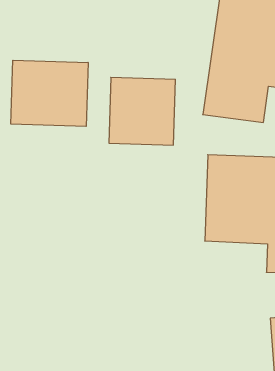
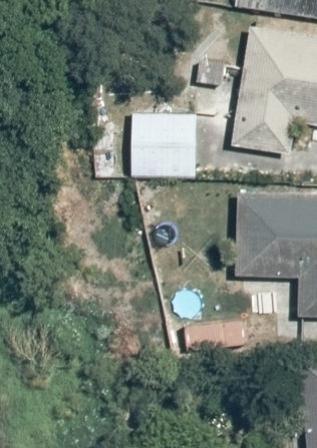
building: [11,60,88,126] -> none

